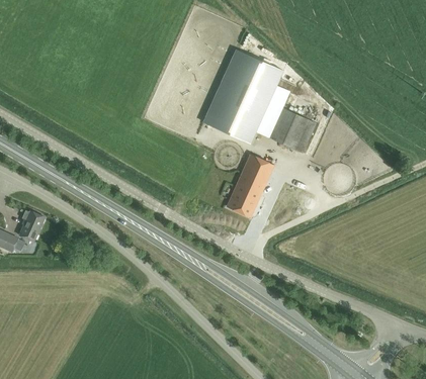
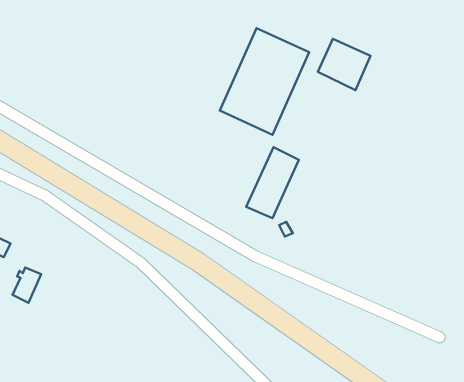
building: [269,108,316,154] -> [318,39,370,90]
building: [19,211,45,243] -> [13,267,41,303]

